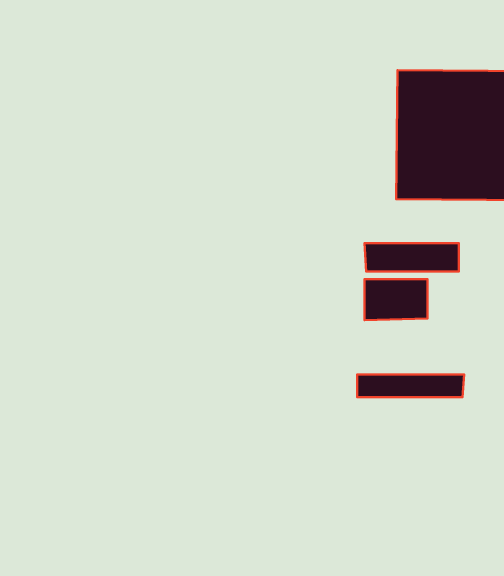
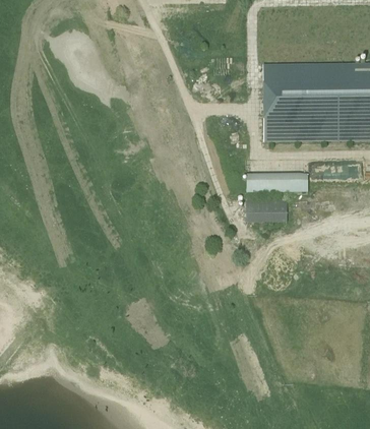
building: [357,375,464,397] -> none

